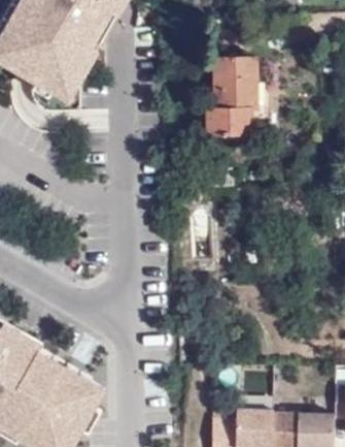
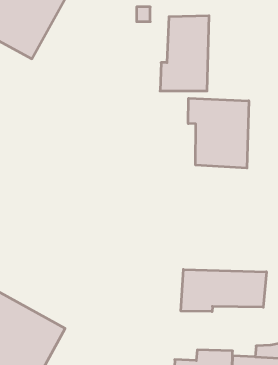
building: none -> [188,98,249,168]
building: none -> [181,269,266,312]

